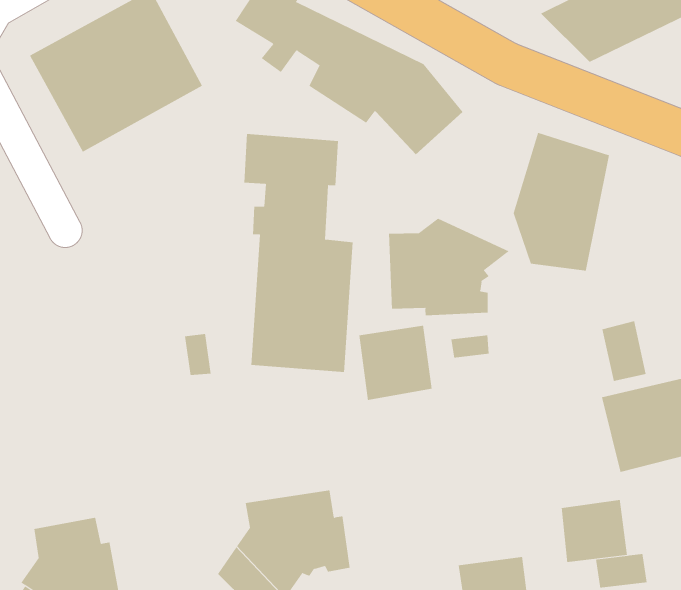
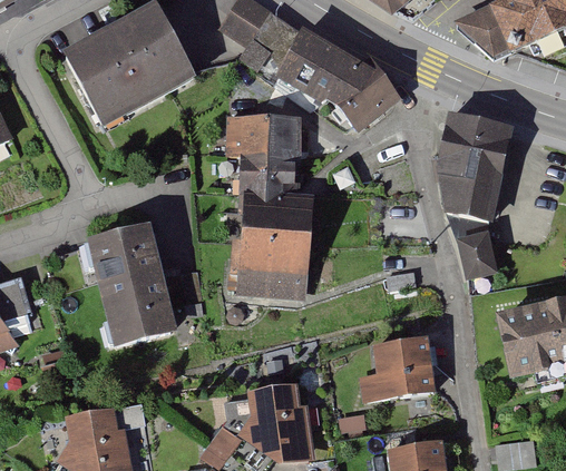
building: [389,218,510,316] -> none
building: none -> [87,226,178,349]
building: [602,321,646,381] -> [459,232,494,278]
building: [359,325,432,400] -> [378,336,435,394]
building: [561,499,627,563] -> none

